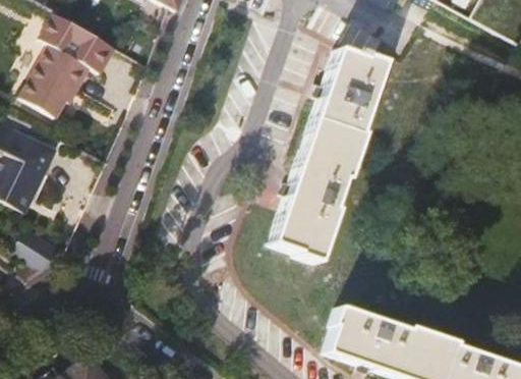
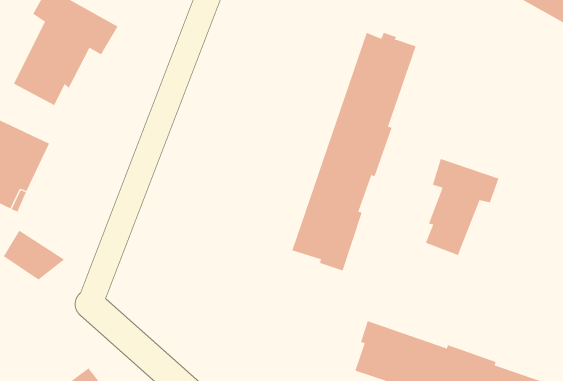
building: none -> [425,158,499,256]

